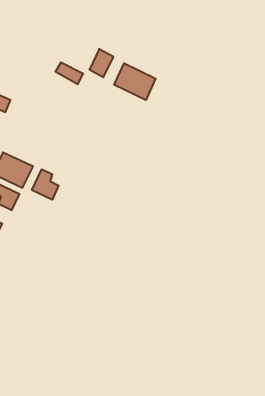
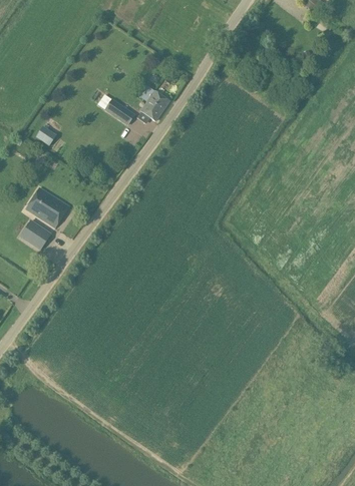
building: [114,63,156,100] -> none
building: [32,169,59,200] -> none

